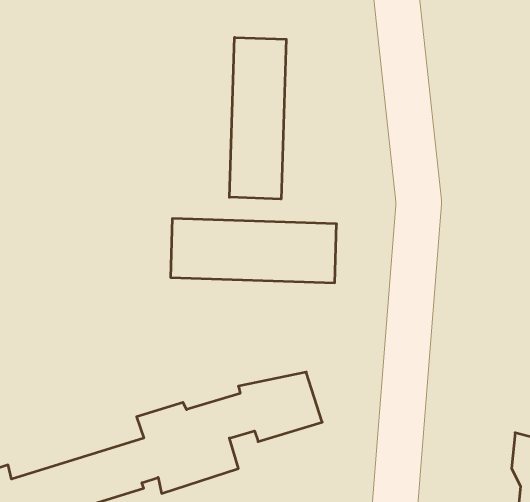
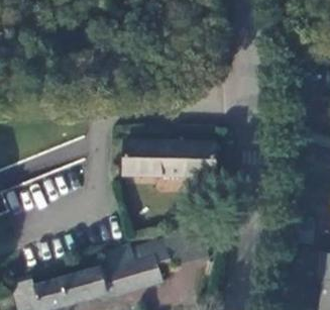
building: [229,37,286,199] -> none

